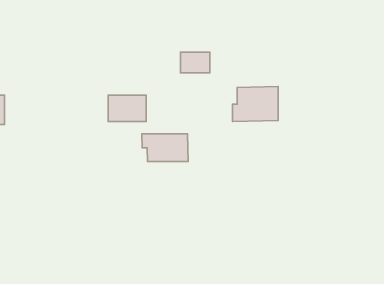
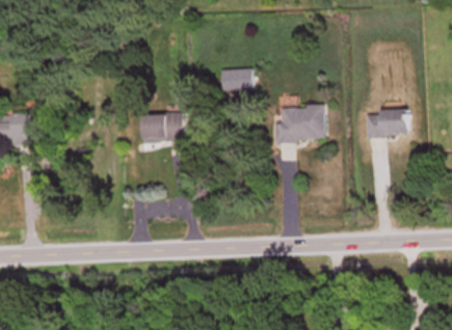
building: none -> [368,110,410,137]
building: [142,134,188,161] -> none

